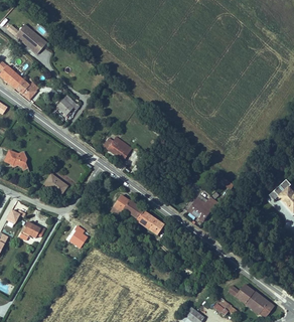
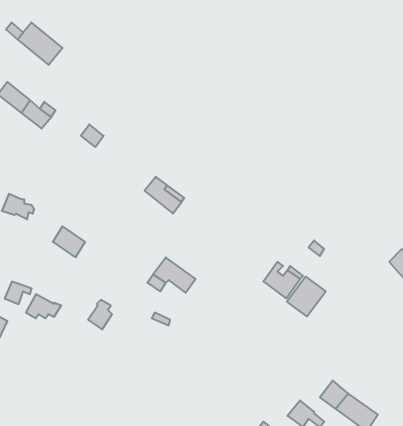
building: none -> [287,277,326,316]
building: [134,206,164,233] -> none

